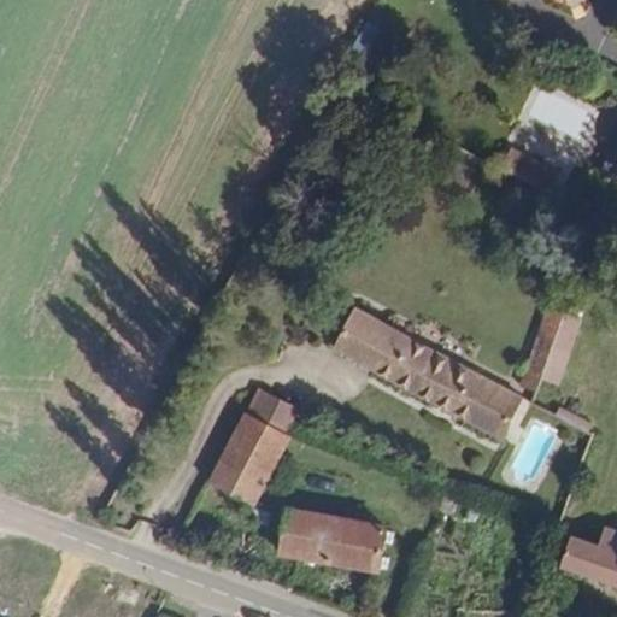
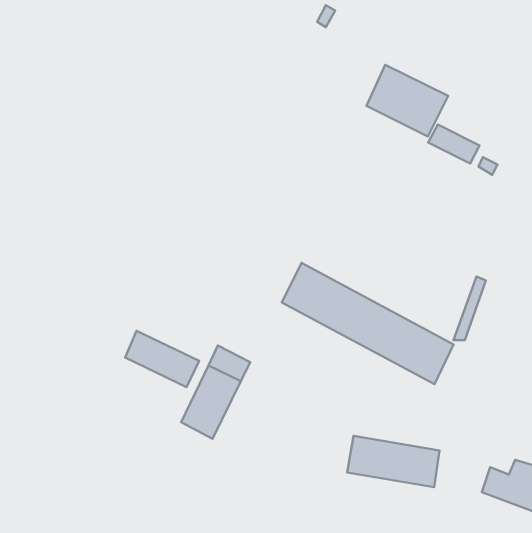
building: none -> [367,65,448,136]
building: none -> [125,331,199,387]
building: [277,511,383,570] -> [347,436,439,487]

